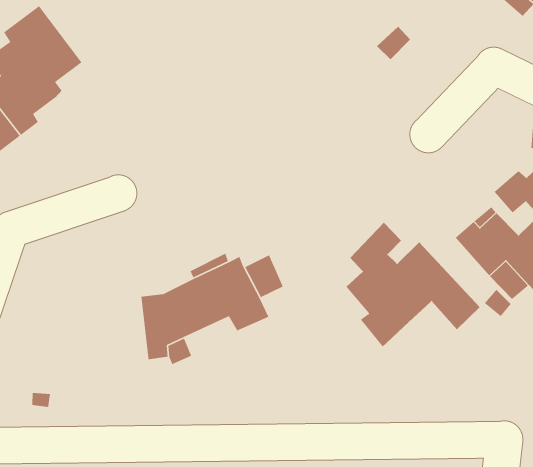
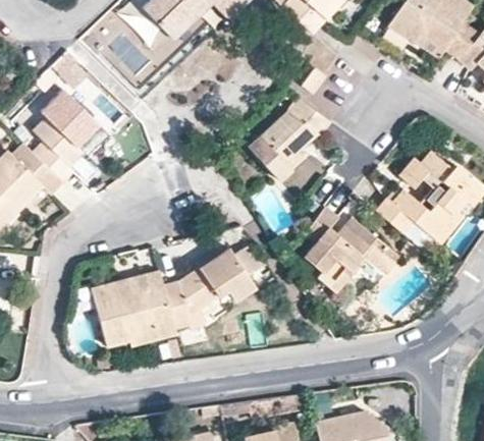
building: none -> [249,98,333,182]
building: none -> [91,268,177,344]

